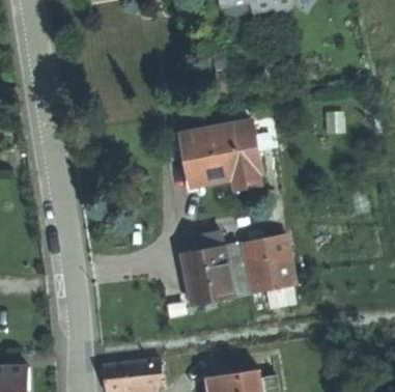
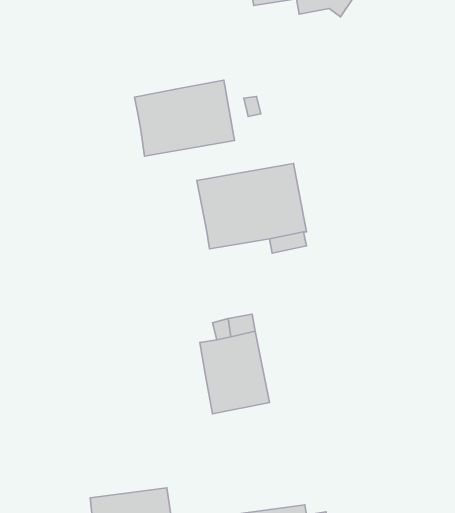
building: none -> [134,80,235,156]
building: [244,230,294,287] -> none

